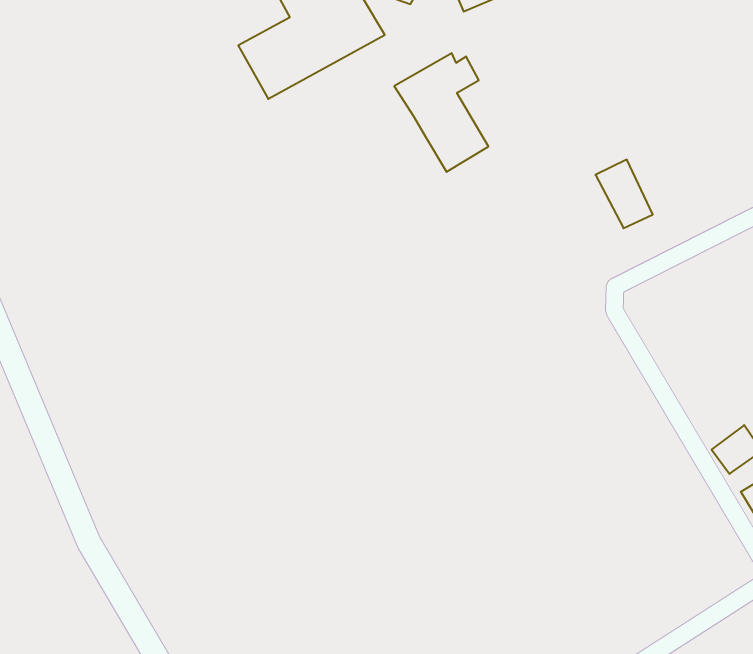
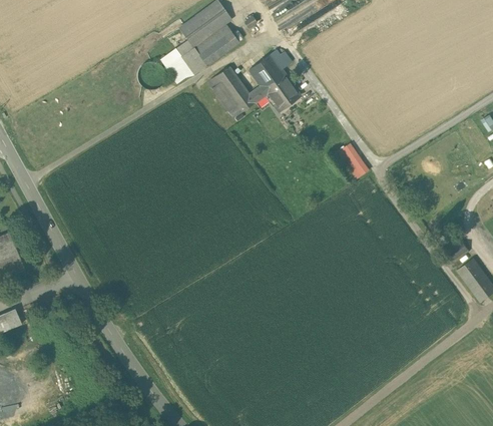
building: none -> [209,65,268,119]
building: [595,160,653,228] -> [336,142,369,179]

